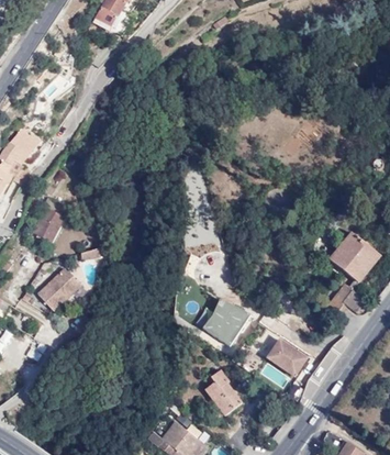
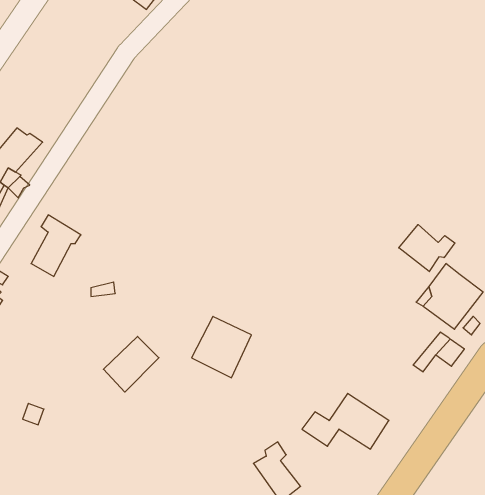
building: none -> [399,225,455,272]
building: [37,268,80,311] -> [103,336,159,392]
building: [201,293,247,341] -> [192,316,251,378]

